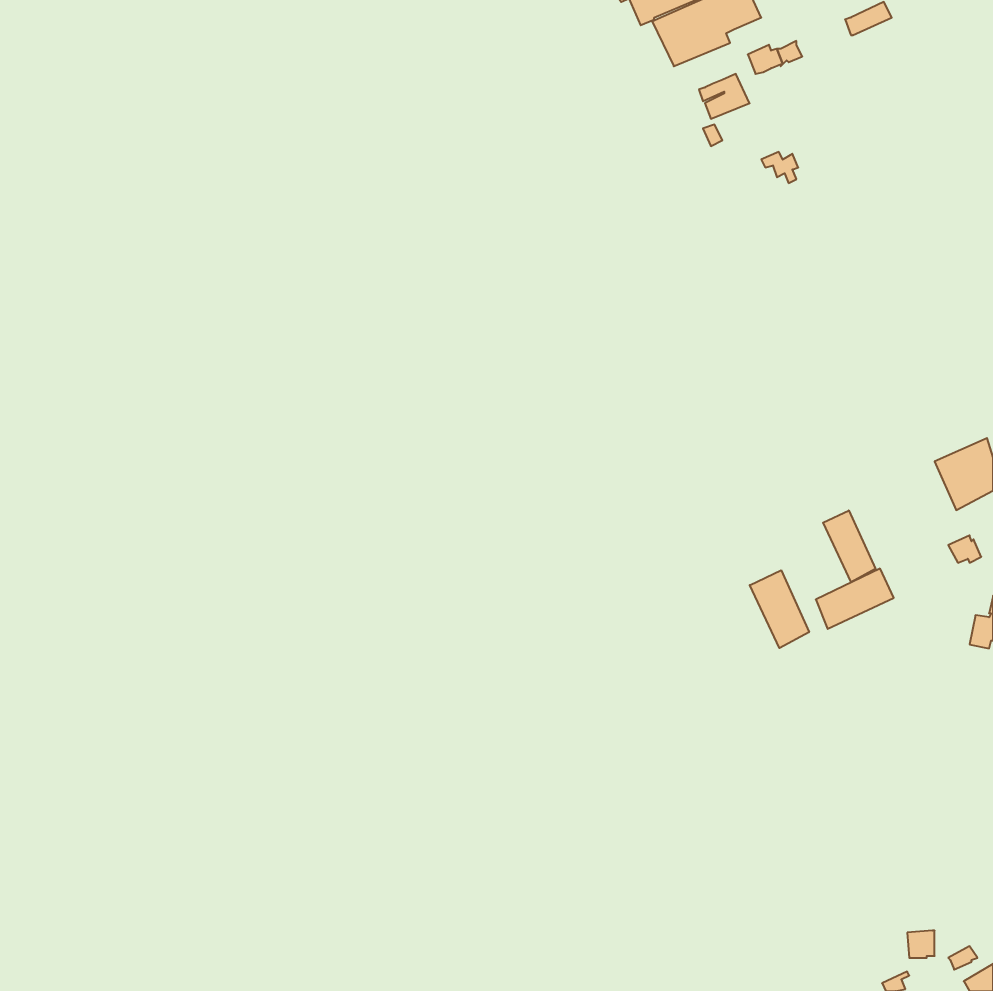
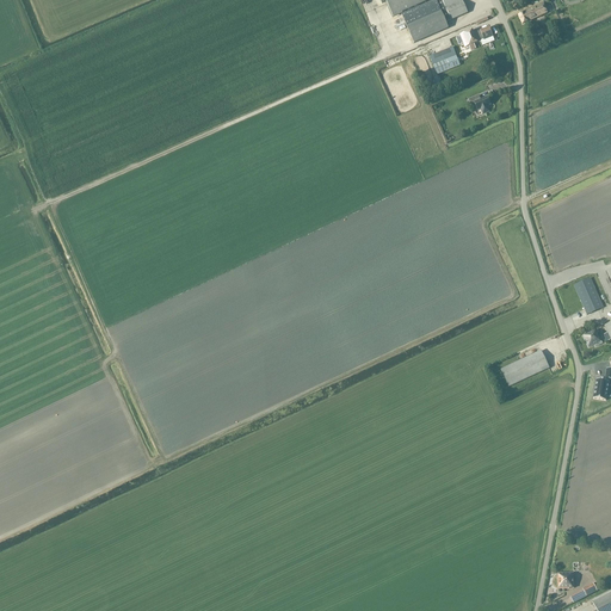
building: [823,510,875,582] -> none
building: [750,570,809,648] -> none

